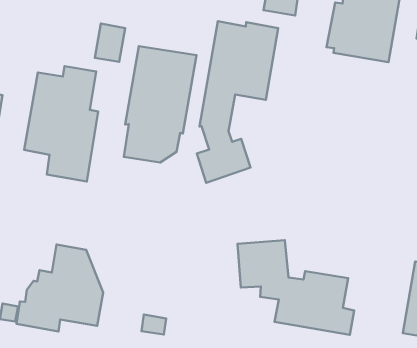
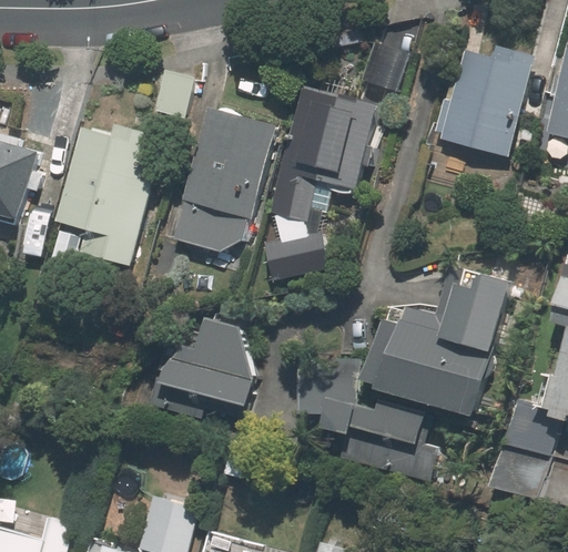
building: none -> [366,272,510,412]
building: [16,245,103,332] -> [149,316,257,421]

